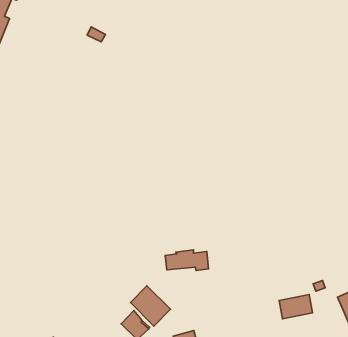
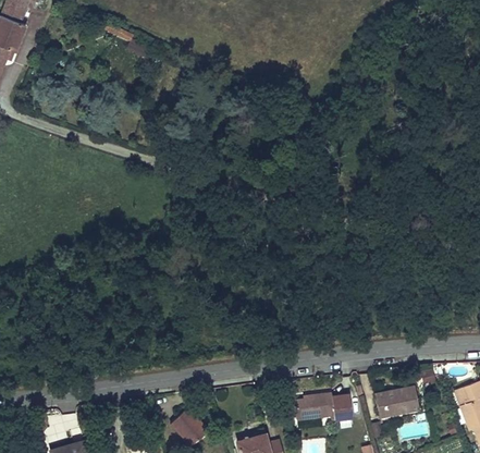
building: [165,250,209,271] -> [295,393,352,420]
building: [130,286,170,326] -> none

